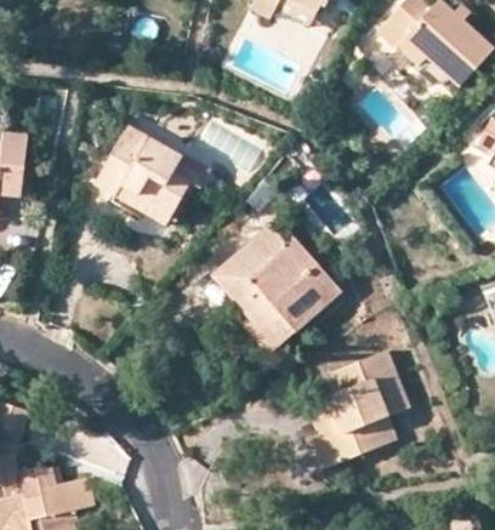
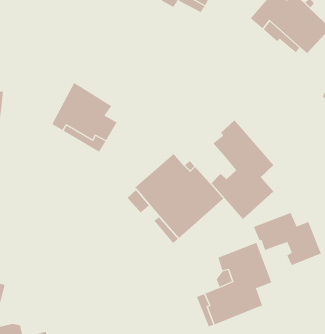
building: none -> [211,119,274,220]
building: none -> [253,212,322,266]

